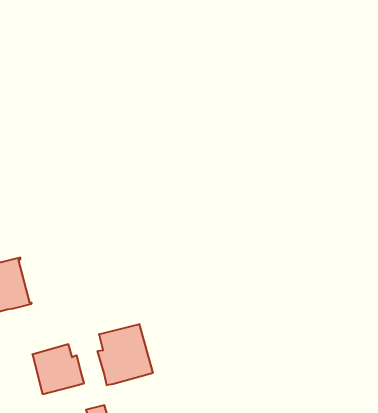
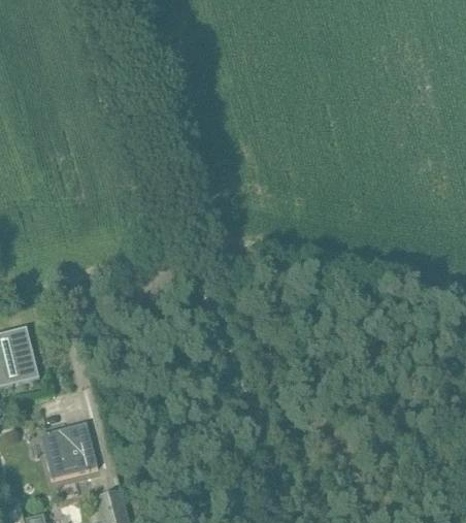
building: [98,324,153,385] -> none

